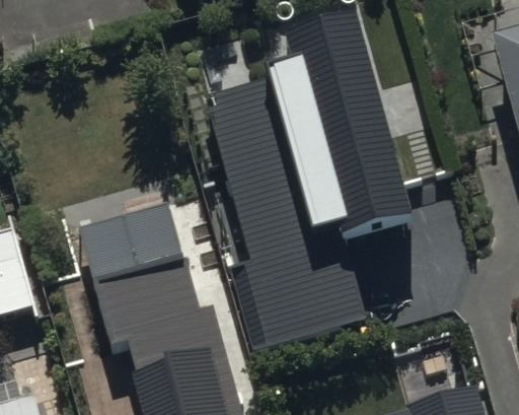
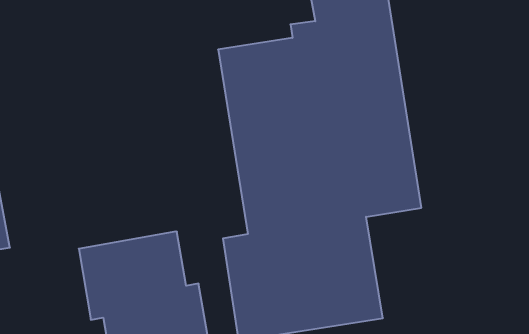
building: [80,206,184,291] -> none

